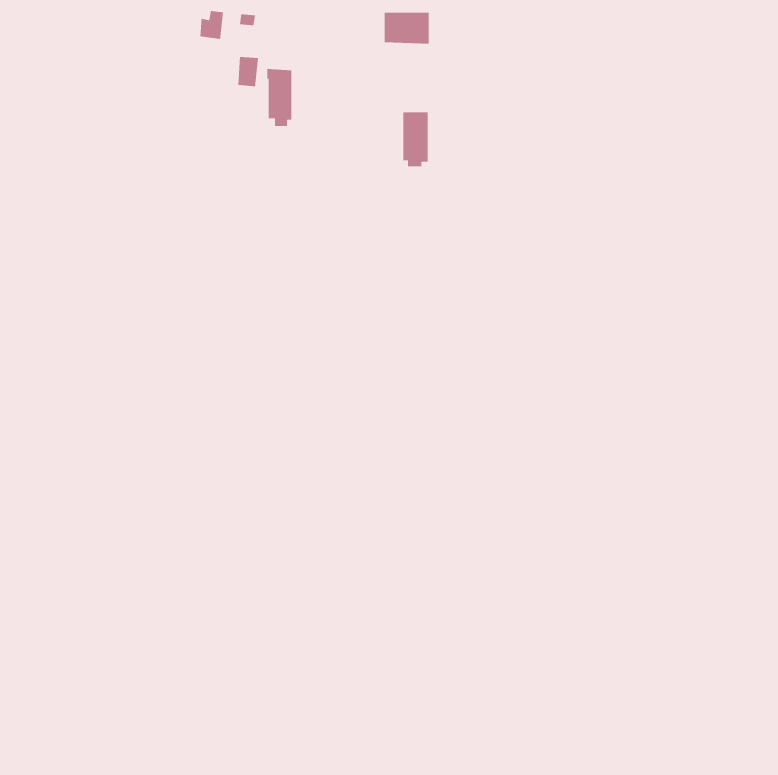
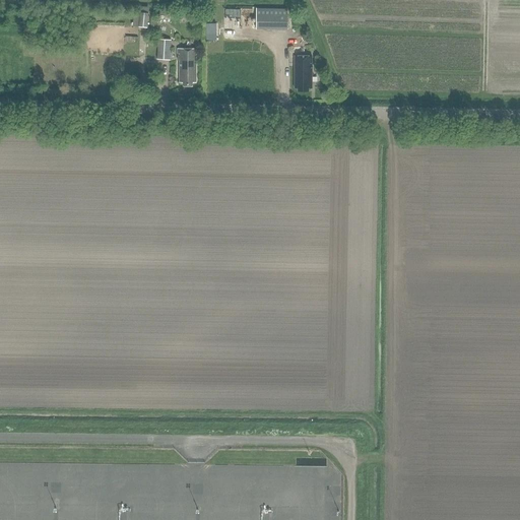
building: [403,112,428,167] -> [295,54,312,90]

